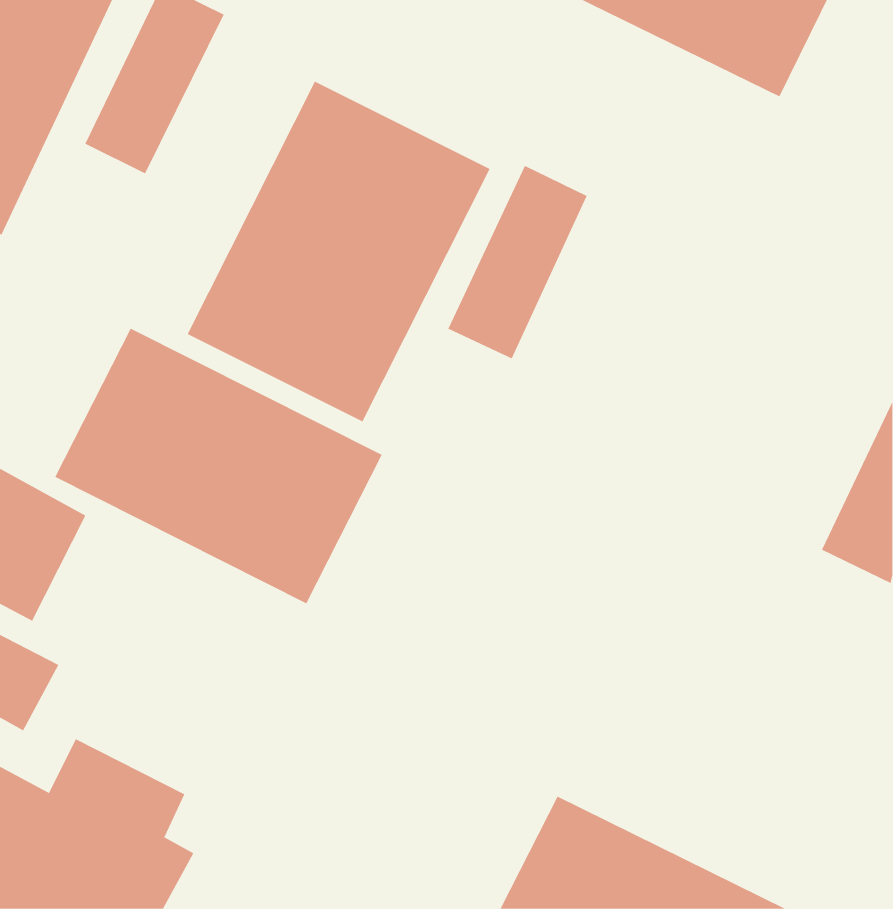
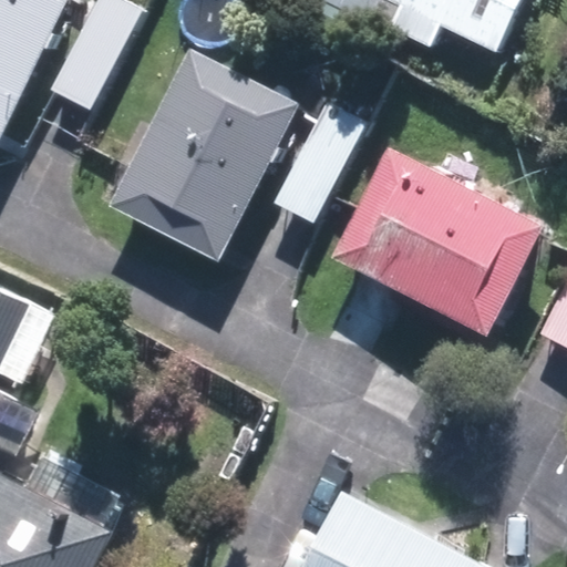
building: none -> [308,162,519,348]
building: [54,328,382,604] -> none

